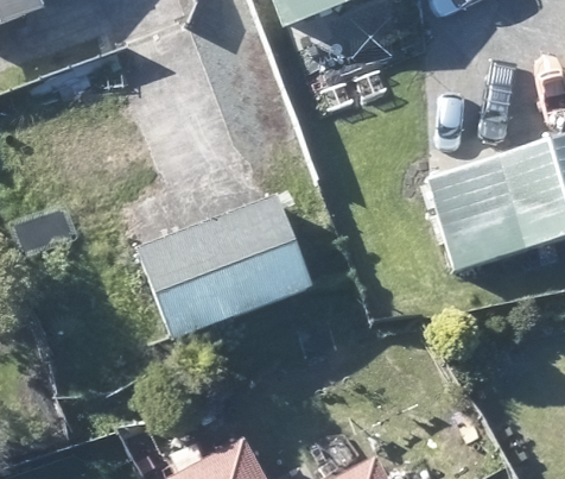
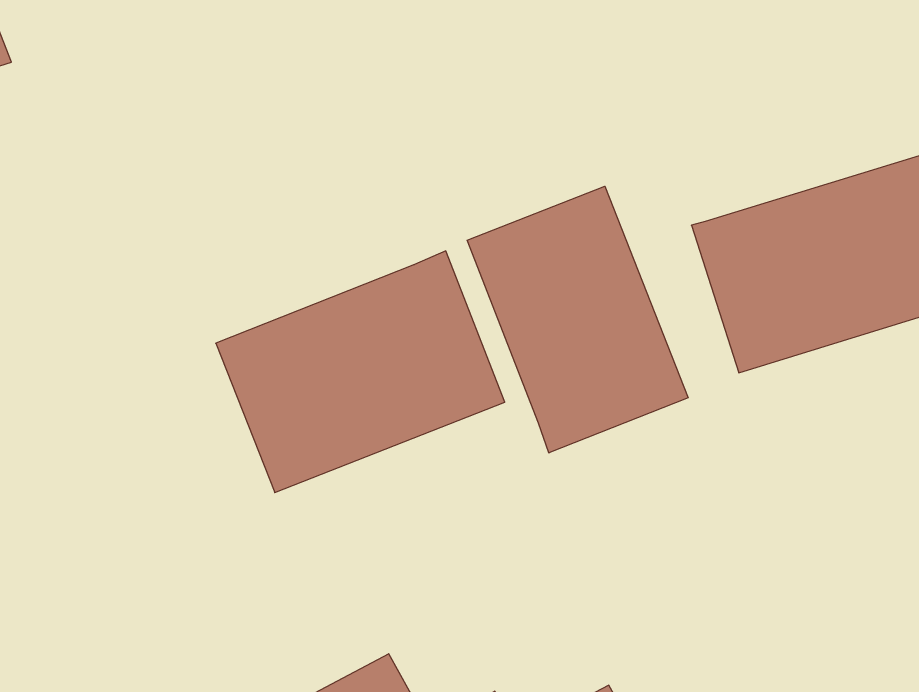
building: none -> [467,186,688,453]

